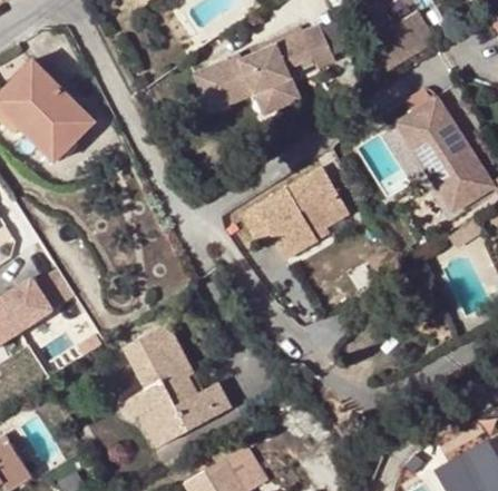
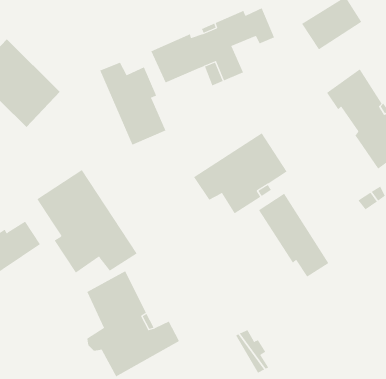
building: none -> [100,62,166,145]
building: none -> [36,169,137,273]
building: none -> [258,193,329,277]

